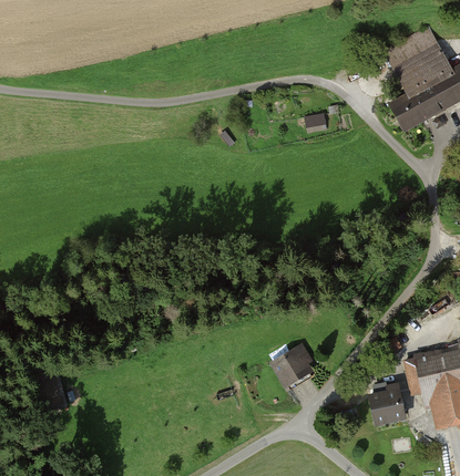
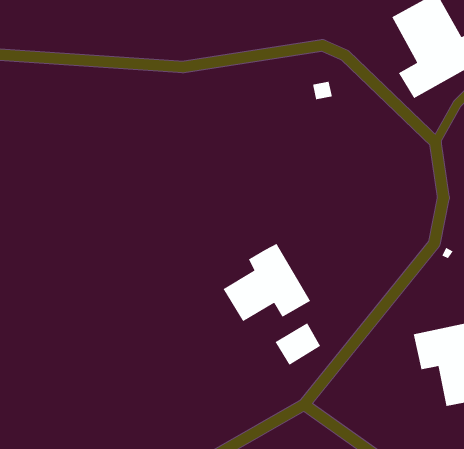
building: none -> [223,243,311,322]
building: [370,386,406,424] -> none

